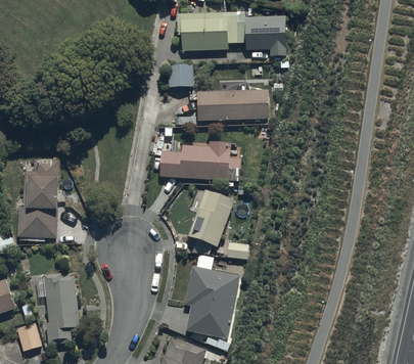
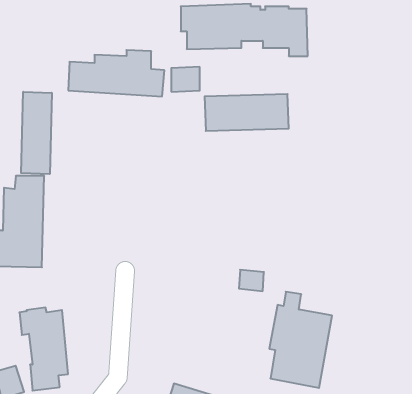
building: none -> [21,92,52,174]
building: [158,141,241,181] -> [68,50,164,96]
building: [187,188,234,248] -> none
building: [184,255,238,337] -> [269,292,332,388]

